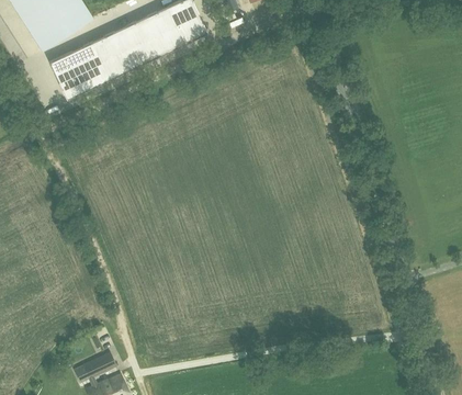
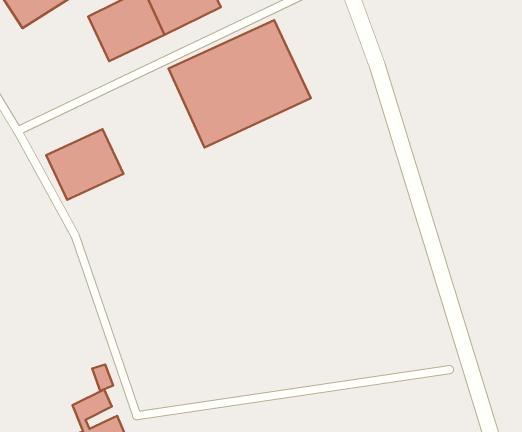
building: [49,41,114,100] -> [46,129,124,200]
building: none -> [168,20,311,148]

